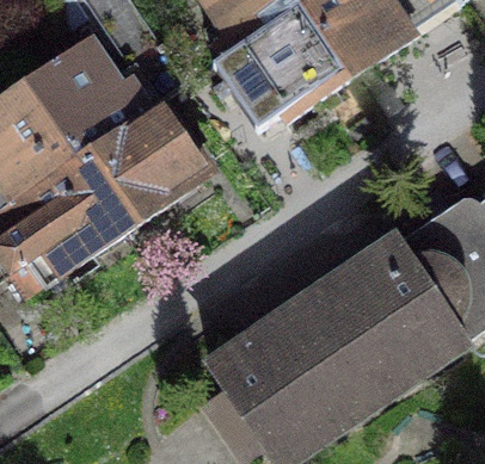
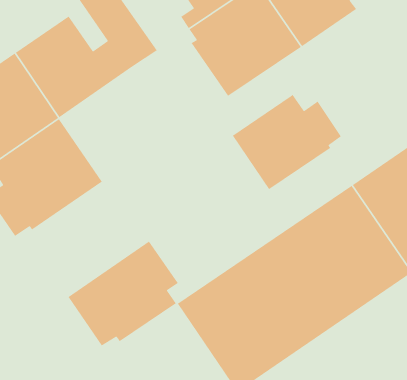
building: [76,101,208,230] -> none
building: none -> [232,94,342,190]
building: none -> [68,240,179,347]

